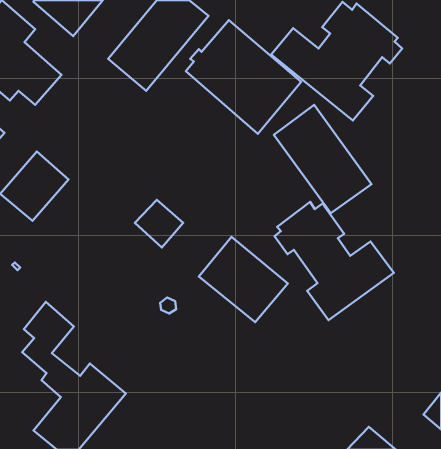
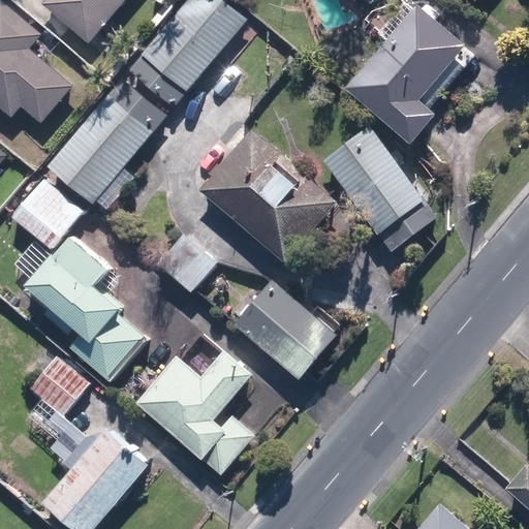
building: [186,20,301,134] -> [200,129,336,262]
building: none -> [49,79,165,203]
building: none -> [28,236,143,377]
building: [275,202,394,320] -> none
building: none -> [135,349,251,475]

